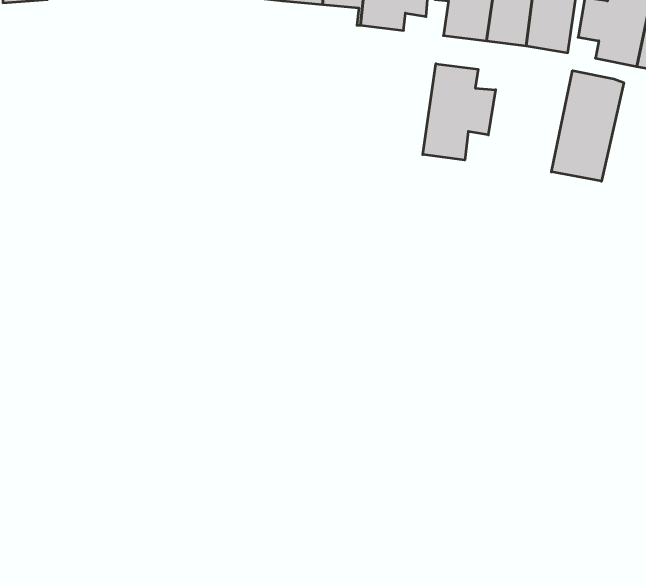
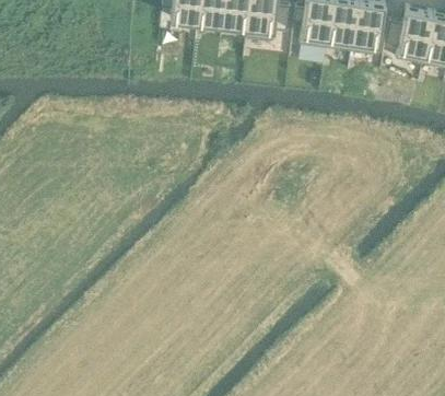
building: [423,64,496,160] -> none
building: [551,71,624,181] -> none

